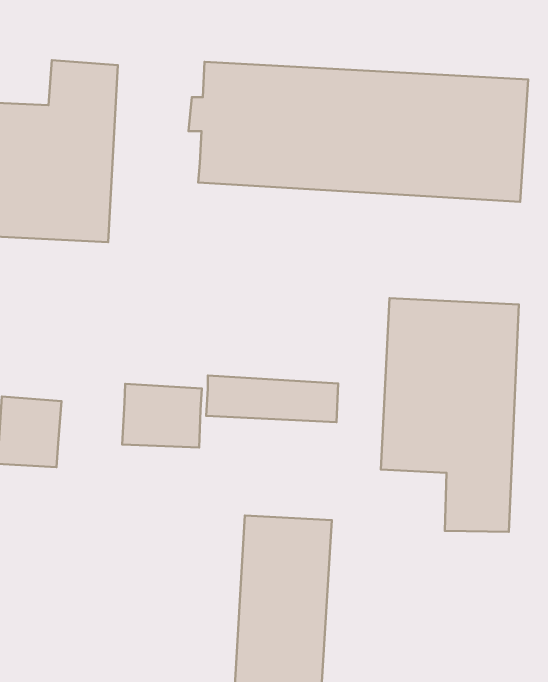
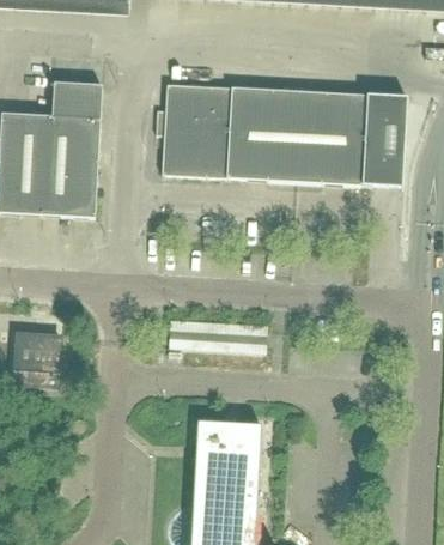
building: [381,298,519,532] -> none
building: [122,384,202,448] -> none

